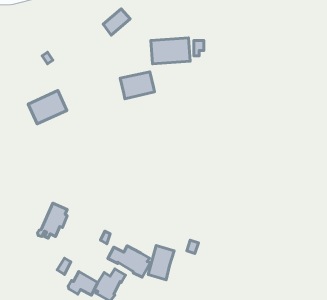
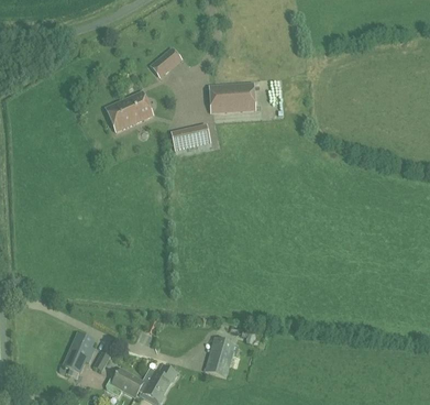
building: [28,91,67,124] -> [104,90,152,131]
building: [37,203,67,238] -> [57,332,93,375]
building: [108,246,150,277] -> none

